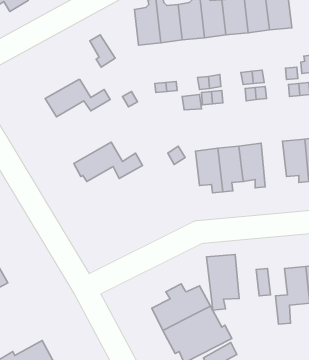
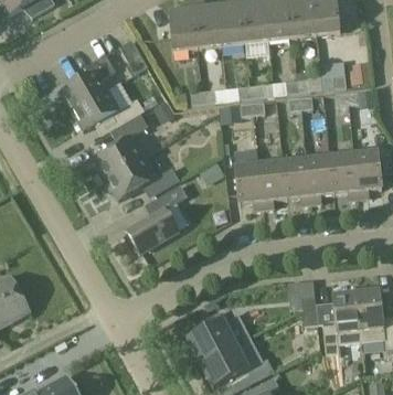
building: none -> [61,54,115,109]
building: none -> [93,115,147,180]
building: none -> [307,156,334,205]
building: none -> [127,185,189,252]
building: [207,255,239,310] -> none

